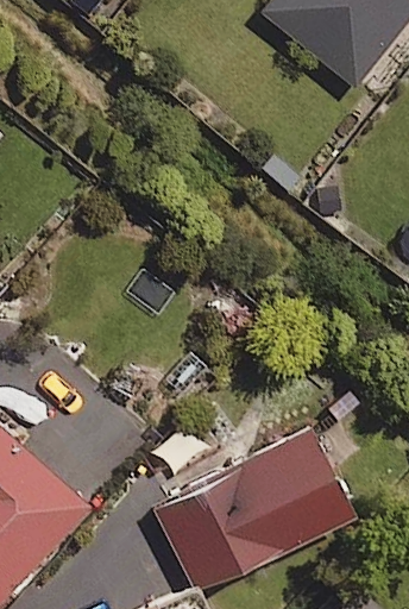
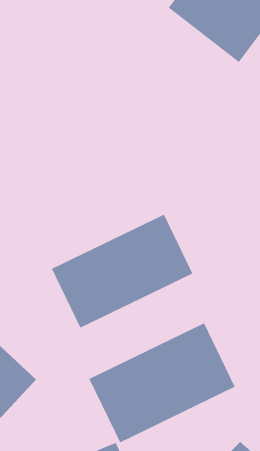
building: none -> [51,214,193,329]

